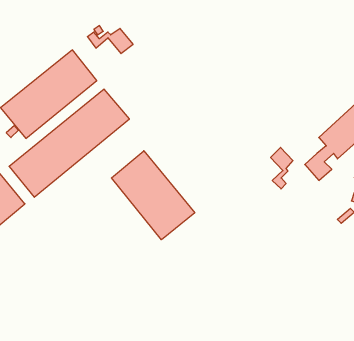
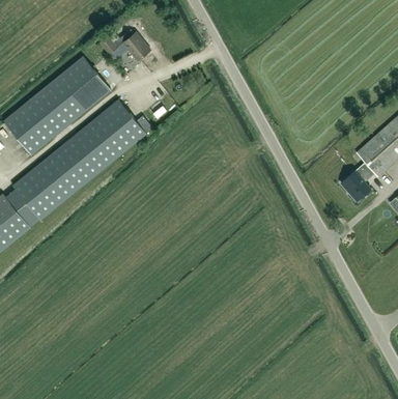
building: [271,147,293,189] -> none
building: [111,151,195,240] -> none

